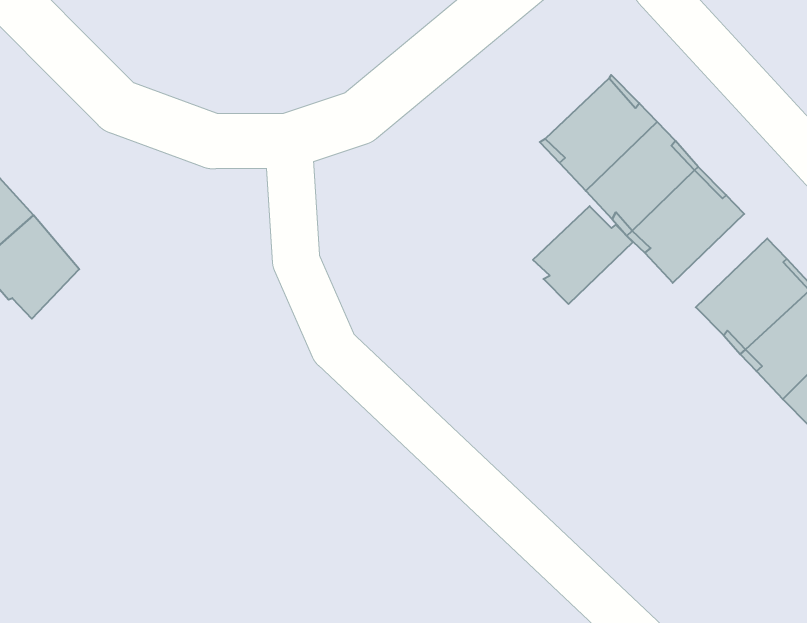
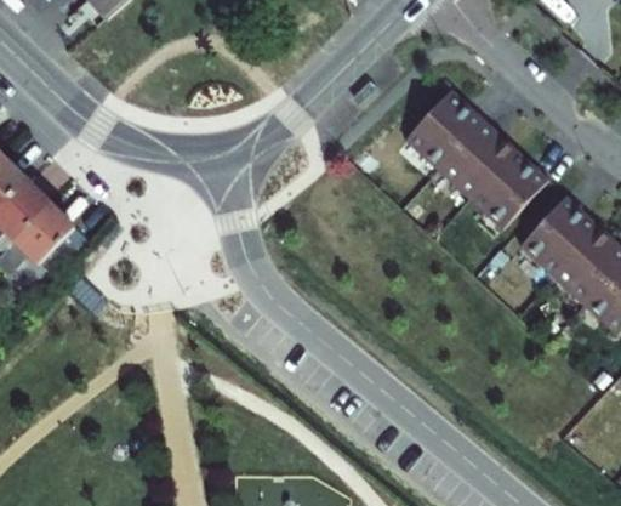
building: [533,206,633,304] -> none

